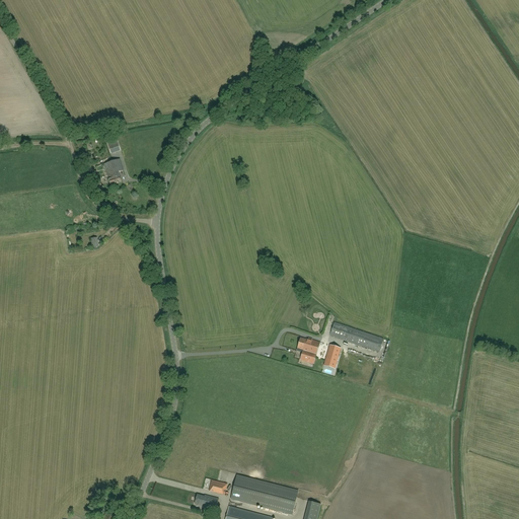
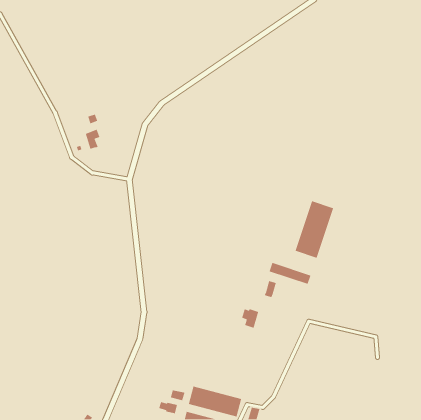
building: none -> [294,200,334,259]
building: [297,338,319,363] -> [241,308,259,329]

